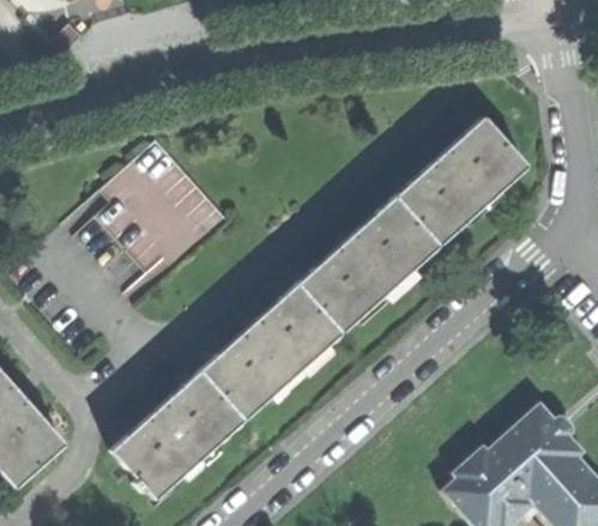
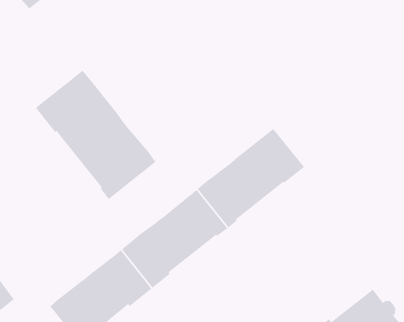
building: [397,117,528,244] -> none
building: none -> [35,70,156,200]

